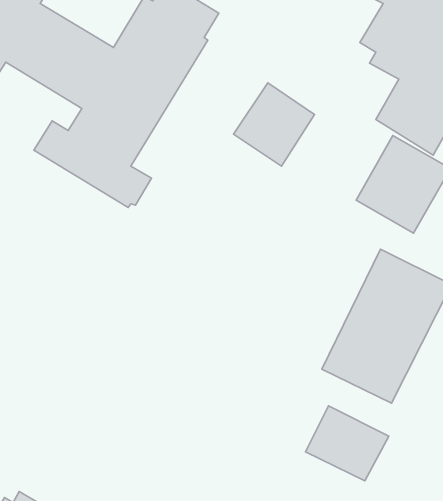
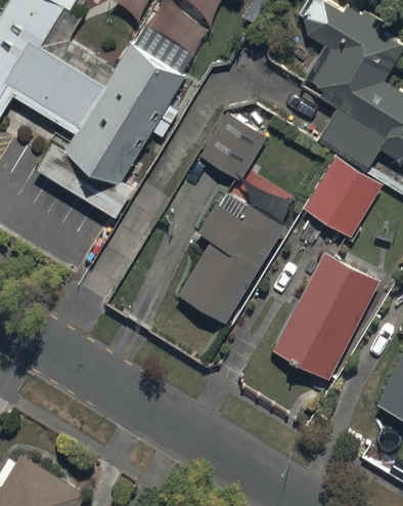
building: none -> [178,179,294,324]
building: [305,406,389,481] -> none

